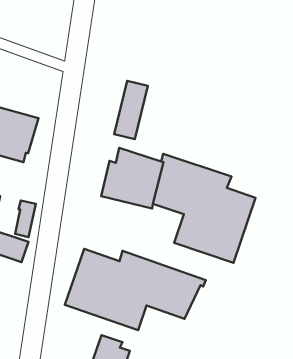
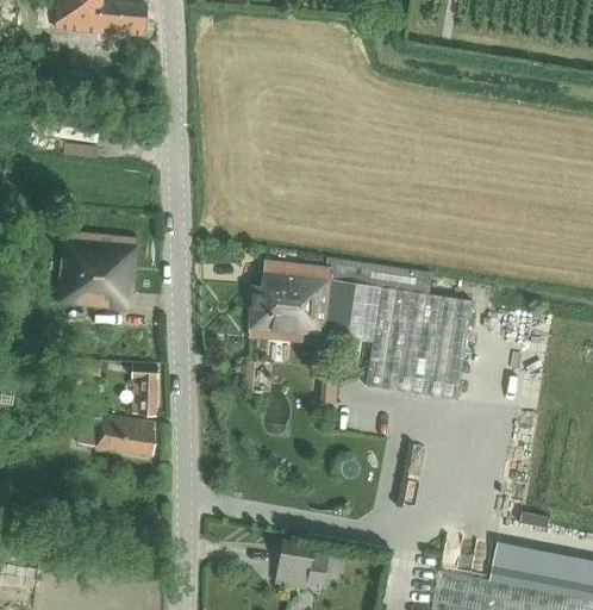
building: [114,81,148,139] -> none
building: [65,249,206,330] -> none

